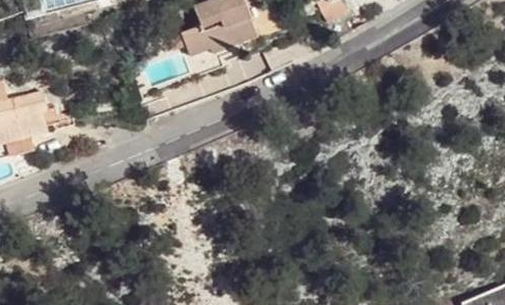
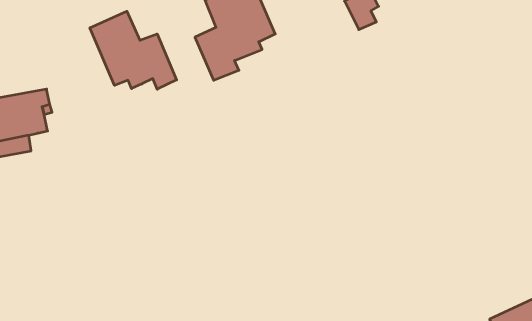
building: none -> [90,11,177,89]

